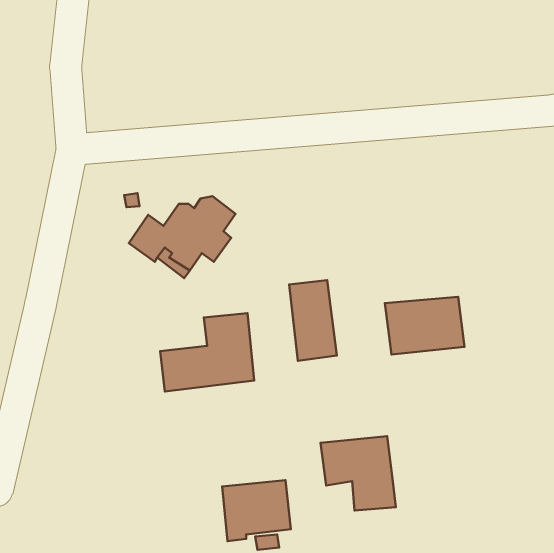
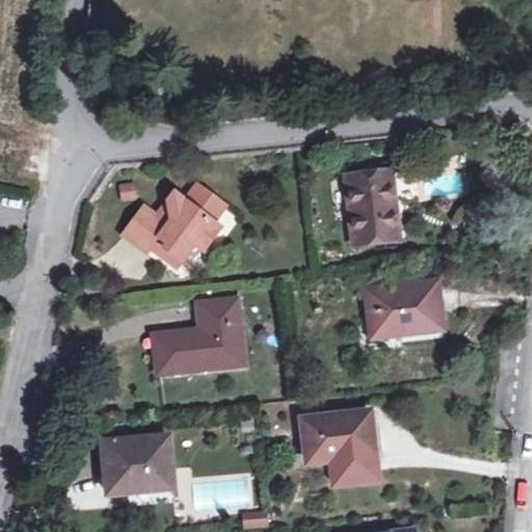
building: [289,280,337,361] -> [348,166,394,243]
building: [222,480,291,541] -> [107,441,172,499]

